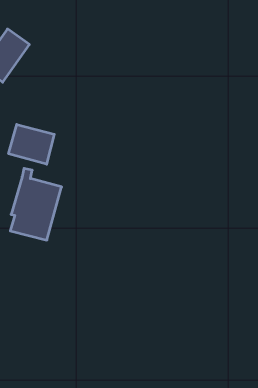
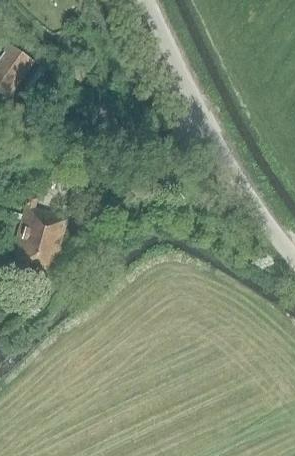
building: [9,124,54,164] -> none

